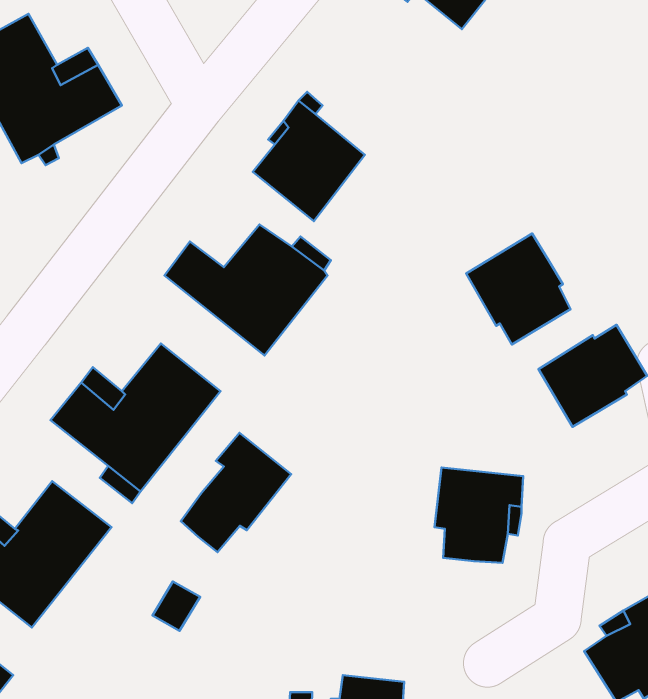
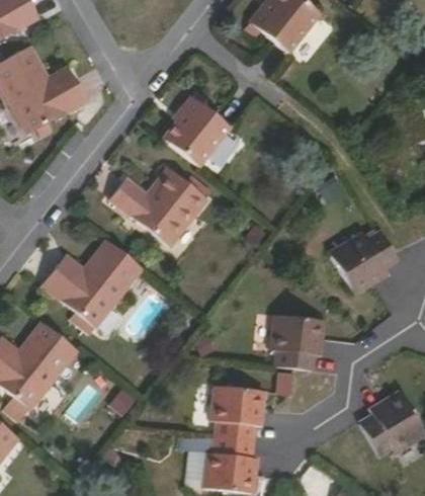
building: [466,233,570,344] -> none
building: [181,433,291,552] -> none
building: none -> [212,386,264,441]

